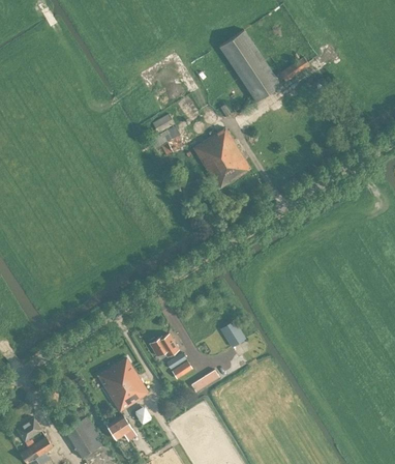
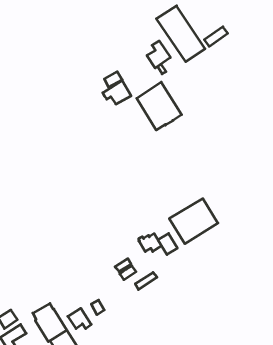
building: none -> [147,41,170,68]
building: none -> [169,199,218,244]
building: [149,334,178,356] -> [139,234,162,252]
building: [97,358,148,411] -> none

